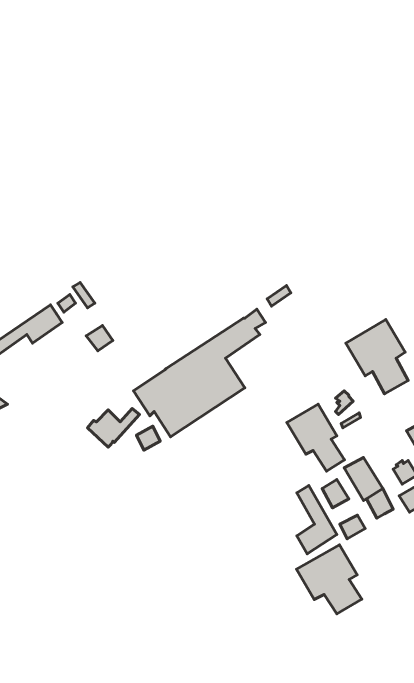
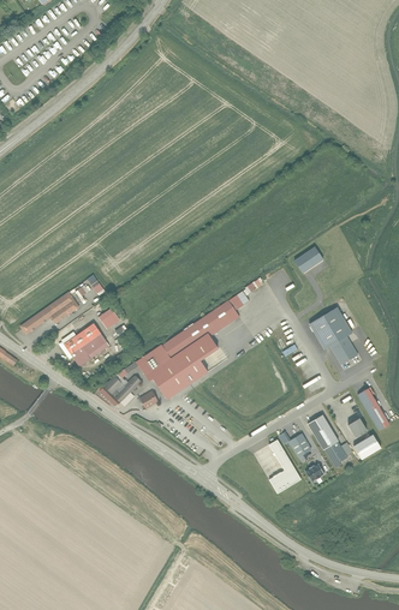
building: none -> [60,323,109,367]
building: [287,404,344,471] -> none
building: [297,545,362,614] -> none

